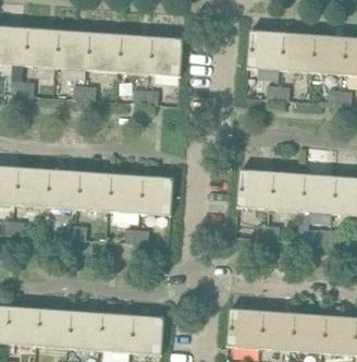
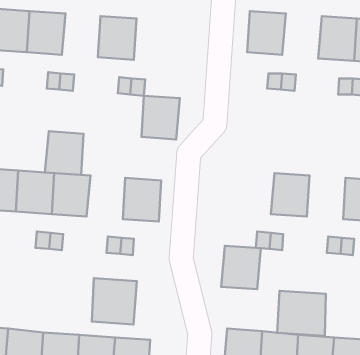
building: [86,33,120,71] -> none
building: [279,33,313,72] -> none
building: [149,37,183,75] -> [141,96,180,139]
building: [237,170,272,208] -> [221,246,261,289]
building: [108,174,141,213] -> [45,131,84,175]
building: [300,174,334,213] -> none
building: none -> [92,278,137,324]
building: none -> [277,291,326,336]

